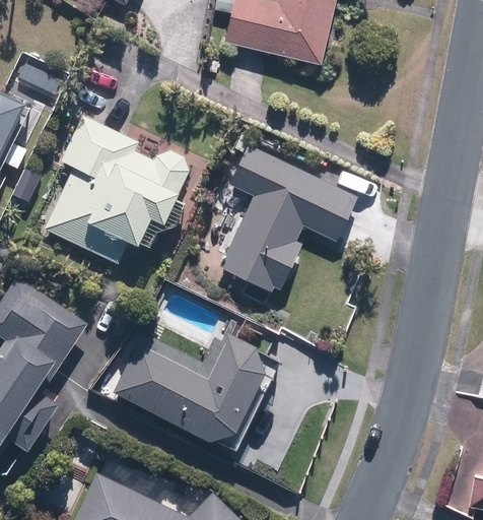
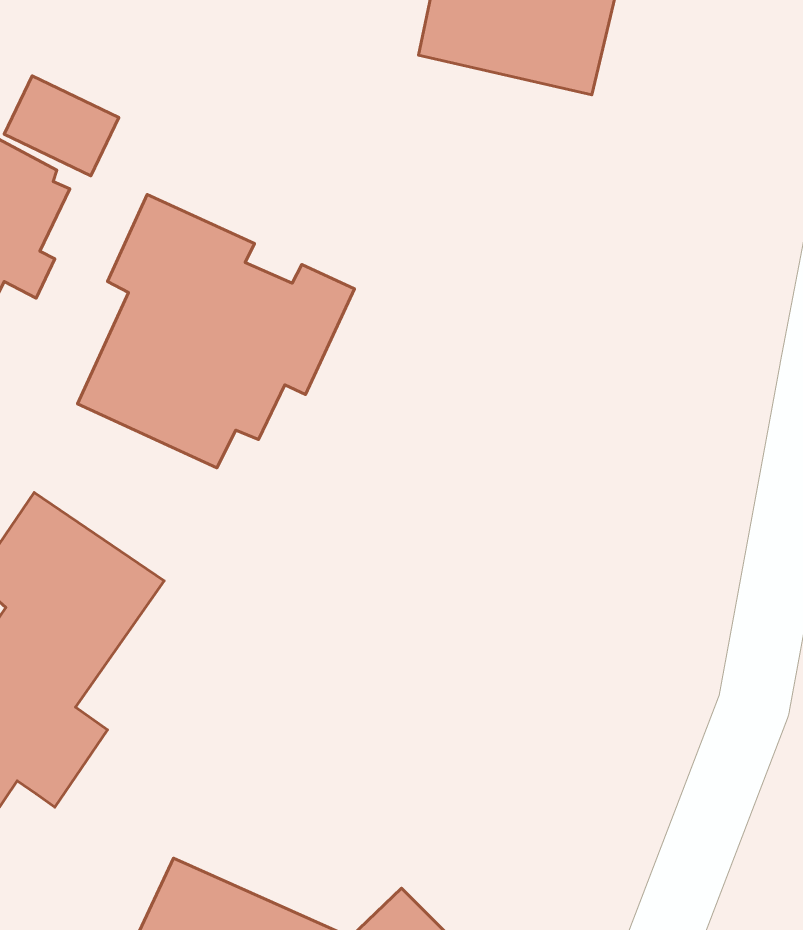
building: [221,146,355,291] -> none
building: [117,334,265,442] -> none

